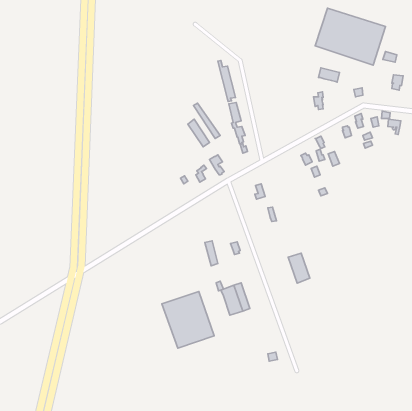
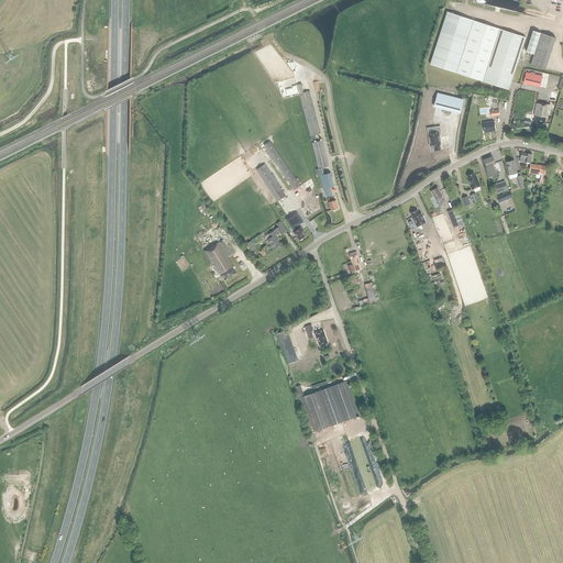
building: none -> [526,30,555,68]
building: none -> [203,239,236,279]
building: [288,253,310,283] -> [329,380,358,421]
building: [162,291,214,348] -> none

